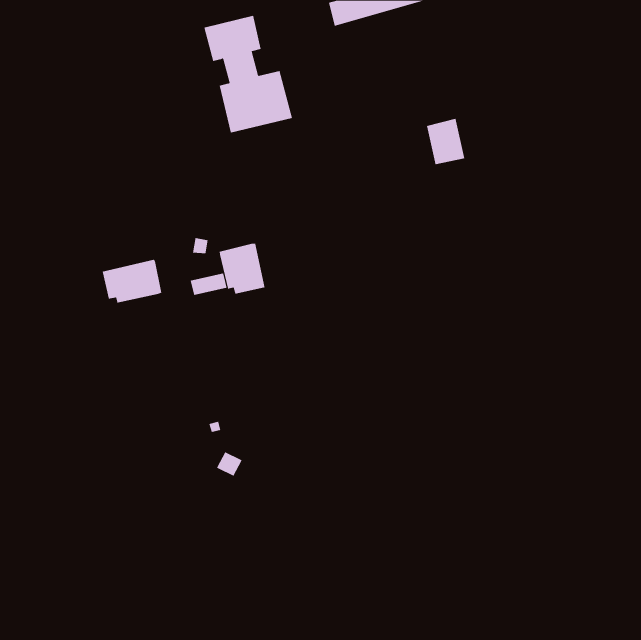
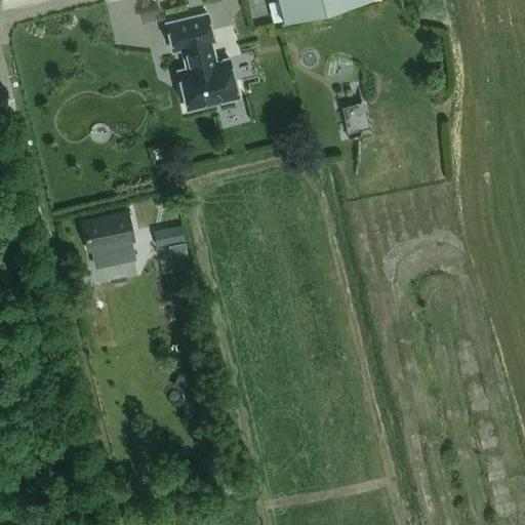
building: [219,243,265,294] -> none
building: none -> [92,242,134,269]

